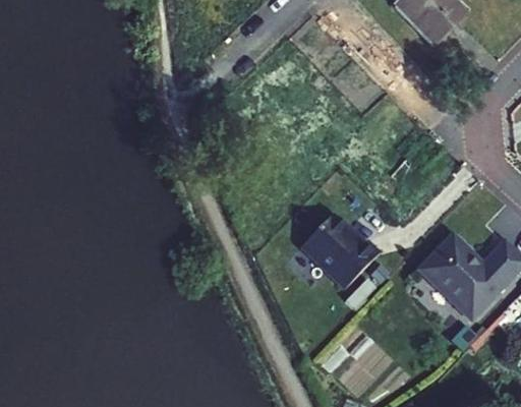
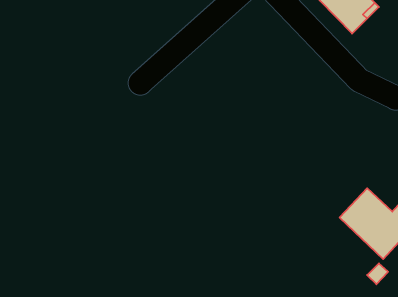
building: [302,215,380,289] -> none

